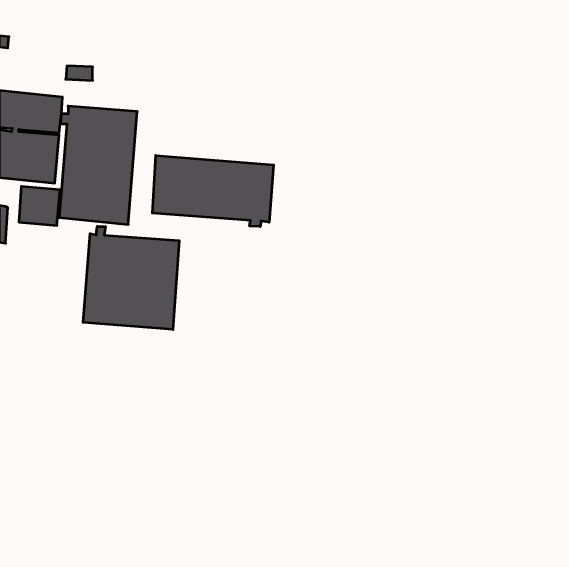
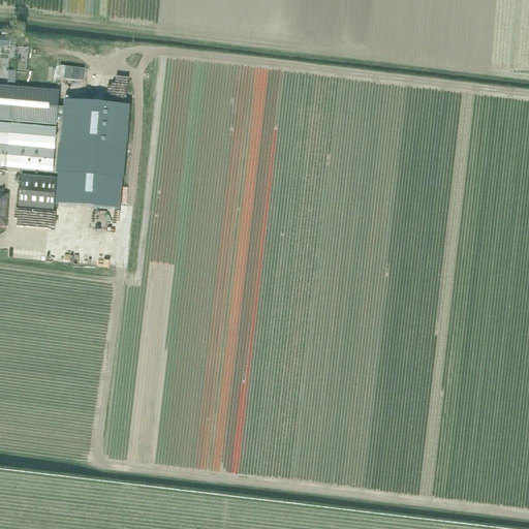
building: [152,155,274,227] -> none
building: [83,226,179,330] -> none

